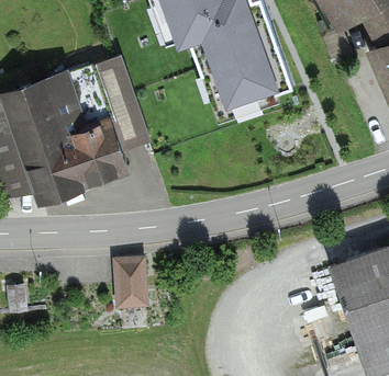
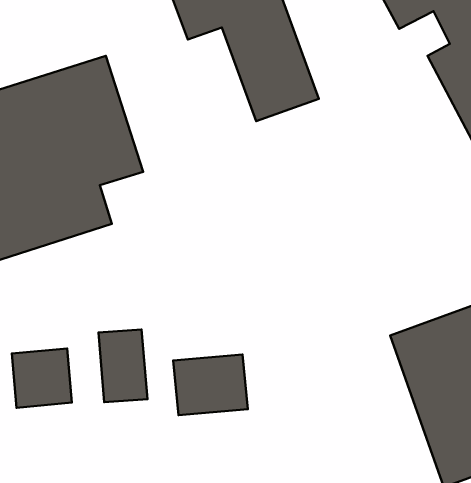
building: none -> [12,348,72,408]
building: none -> [173,354,248,415]

